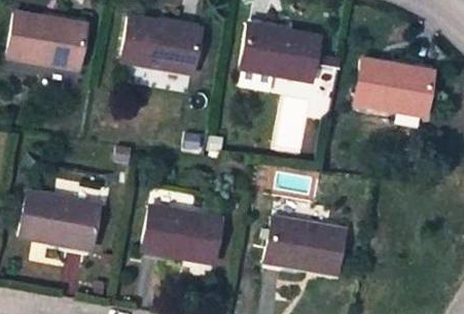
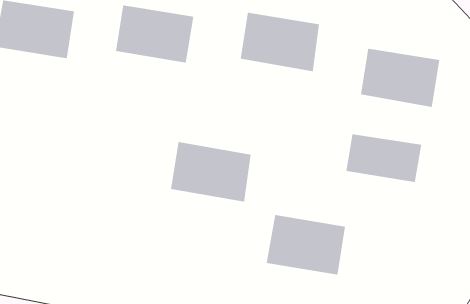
building: none -> [346,134,422,183]
building: [22,191,99,249] -> none
building: [144,206,221,264] -> [170,142,251,202]

